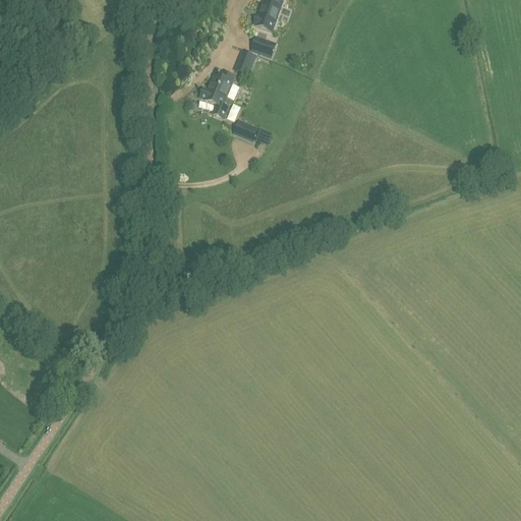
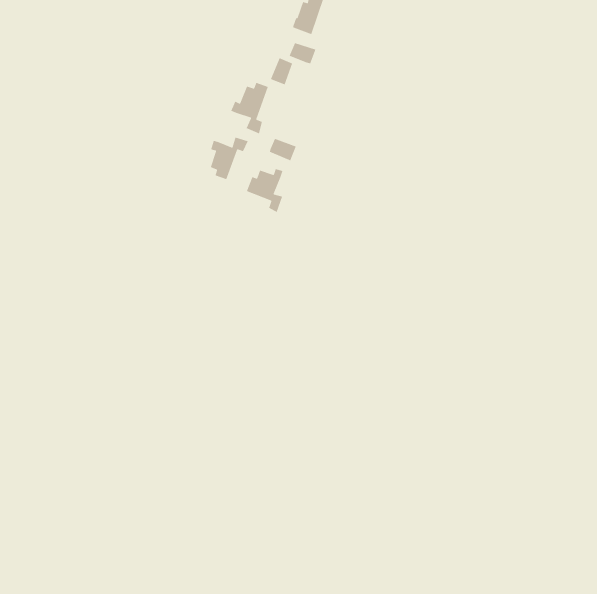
building: none -> [210,137,249,180]
building: none -> [246,168,284,213]

